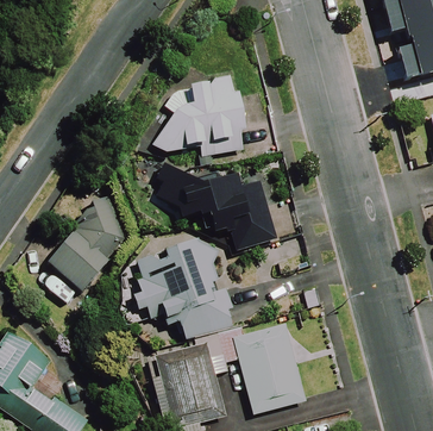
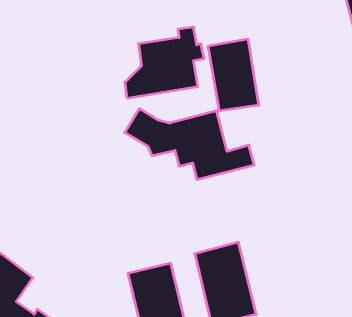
building: none -> [208,39,259,111]
building: [49,200,128,292] -> none
building: [134,242,237,327] -> none

